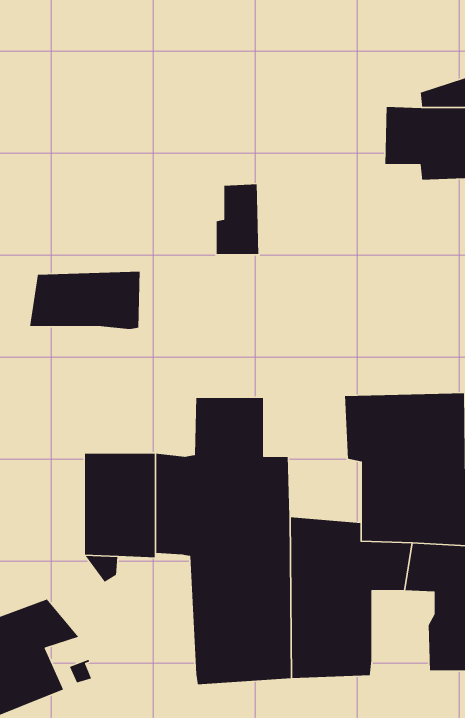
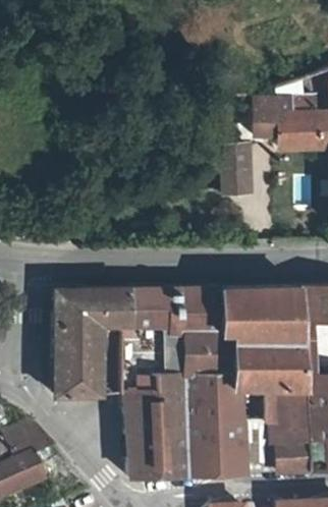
building: [216,184,259,255] -> [223,145,252,191]
building: [29,271,141,330] -> [57,289,130,328]
building: none -> [175,288,239,372]
building: none -> [245,416,287,472]

